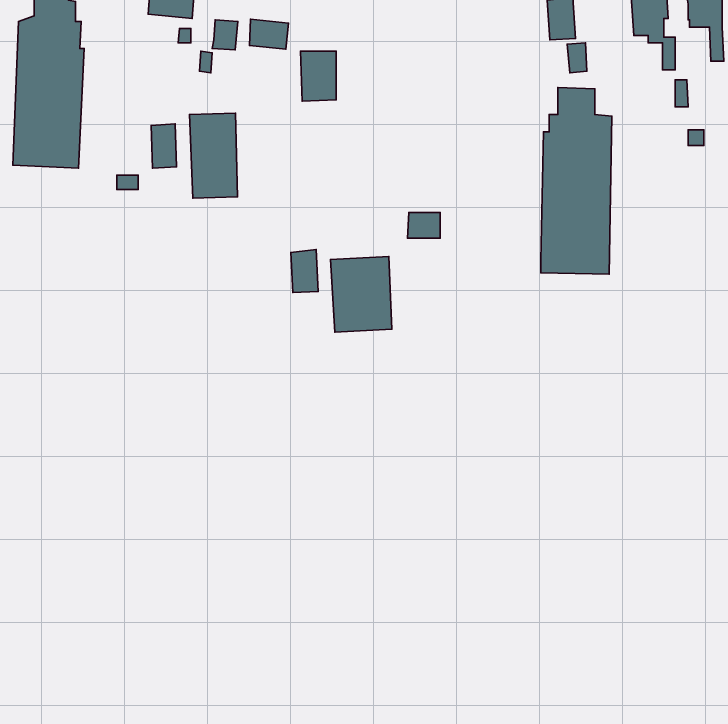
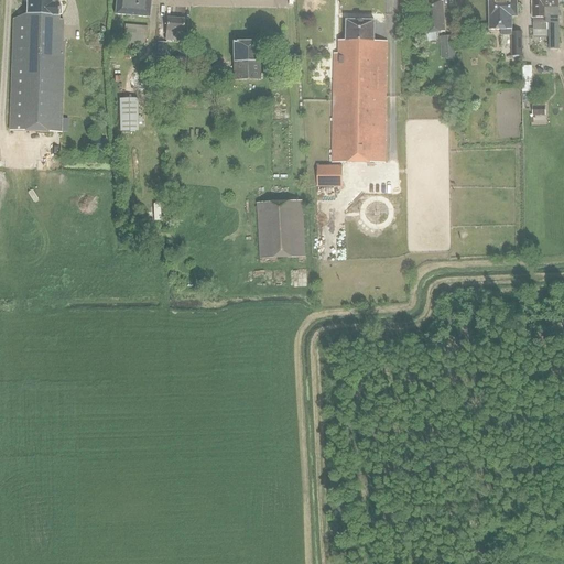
building: [250,19,289,49] -> none
building: [541,88,612,274] -> [332,18,387,162]
building: [189,113,238,198] -> none
building: [291,250,318,293] -> none

